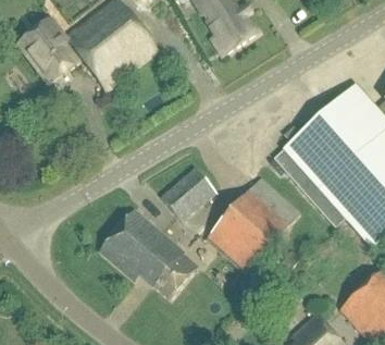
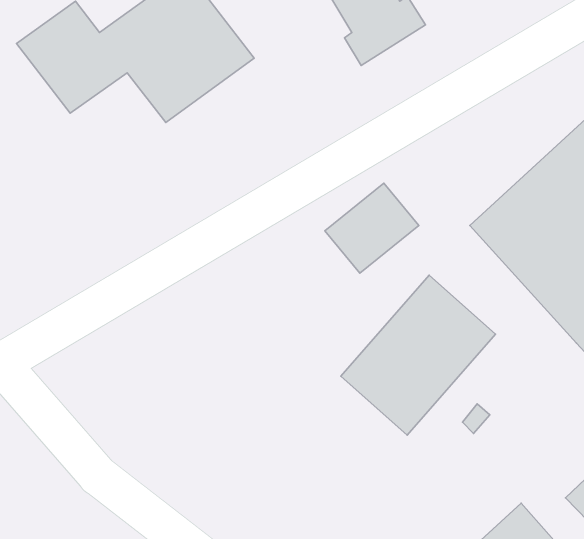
building: [160,168,215,221] -> [325,183,419,273]
building: [97,210,195,299] -> none

